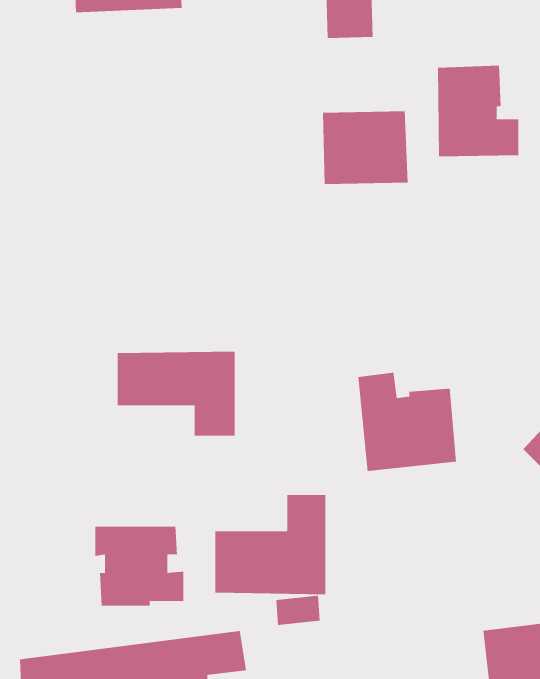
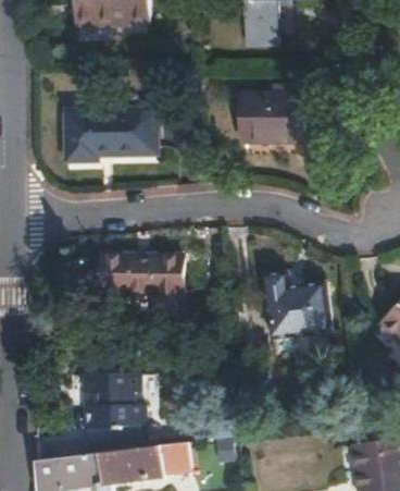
building: [437,65,519,157] -> none
building: none -> [63,108,154,159]
building: [215,494,326,595] -> none

